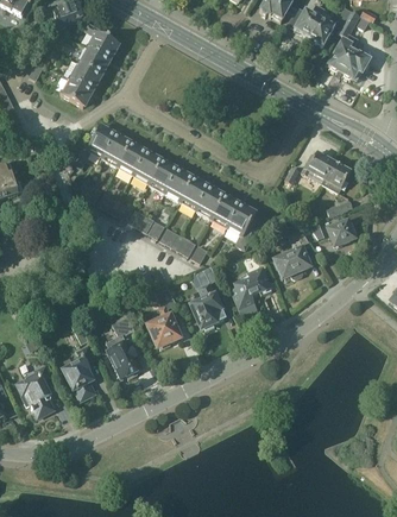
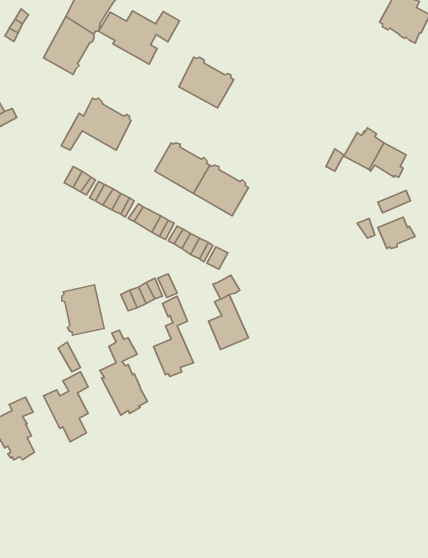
building: none -> [98,11,180,64]
building: [119,143,163,183] -> [179,57,234,108]
building: [212,195,258,248] -> none
building: [275,228,310,278] -> none
building: [233,267,272,309] -> none
building: none -> [62,285,104,335]

